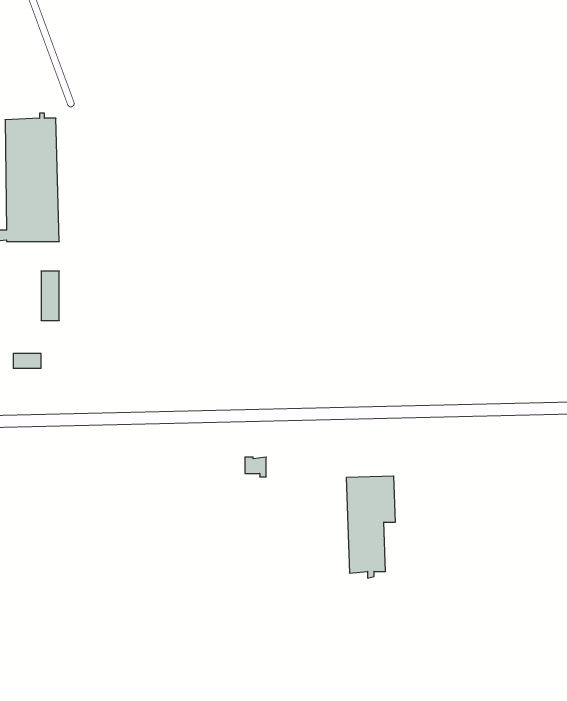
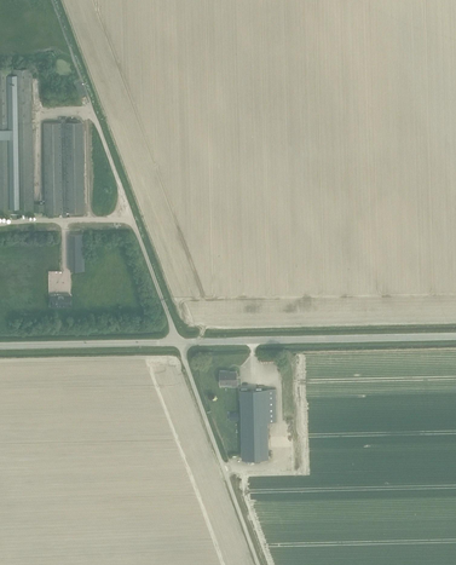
building: [346,476,395,578] -> [237,390,273,465]

